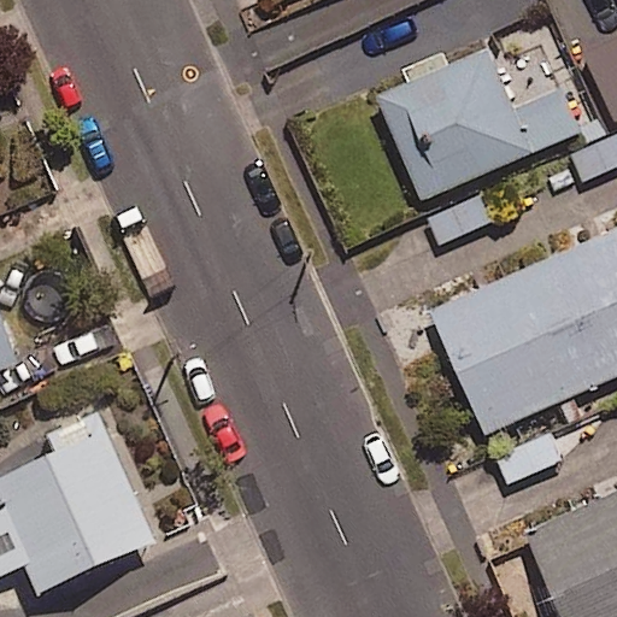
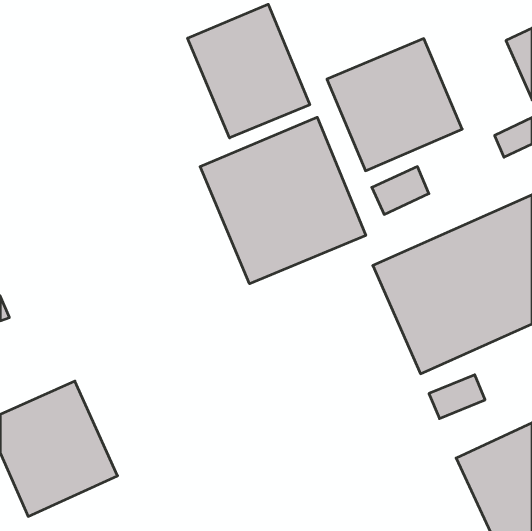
building: none -> [188,4,310,138]
building: none -> [200,117,366,284]

